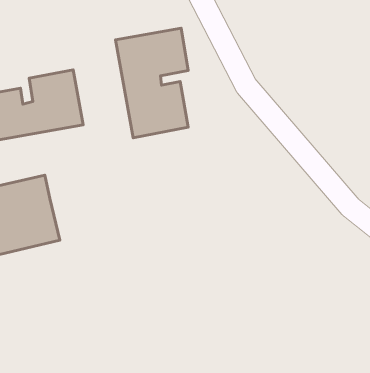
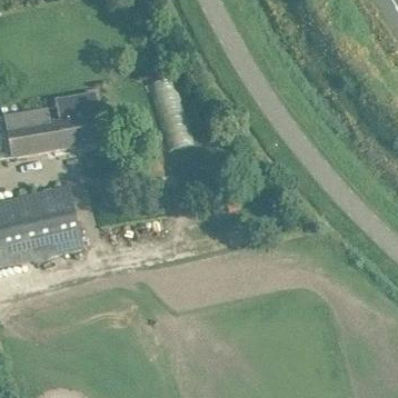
building: [116,28,188,138] -> none

